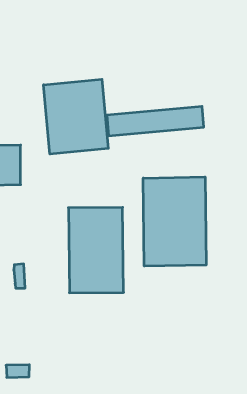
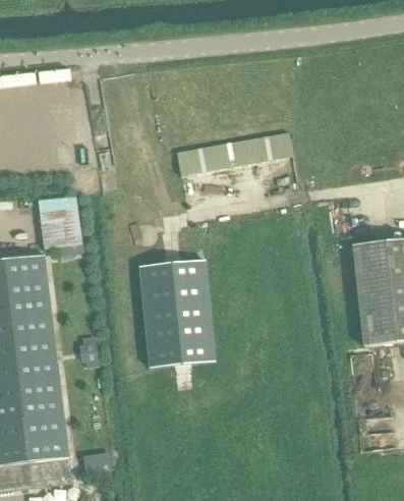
building: [44,79,108,154] -> none
building: [143,177,206,266] -> none

